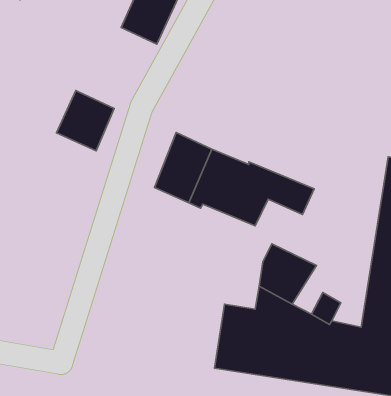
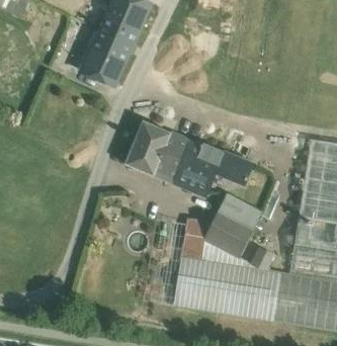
building: [57,91,114,151] -> [82,36,128,84]
building: none -> [219,189,264,226]
building: none -> [181,219,212,260]

